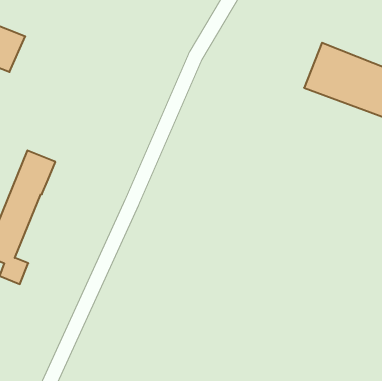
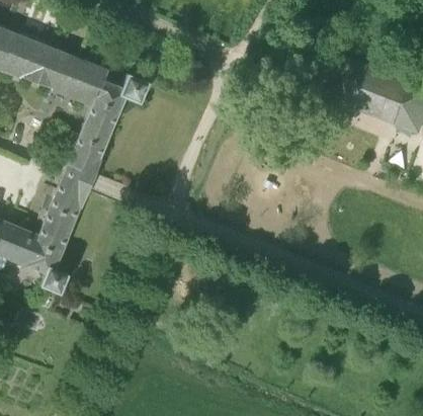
building: none -> [50,54,147,175]

